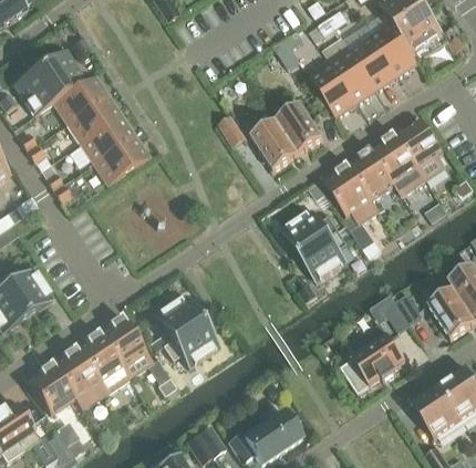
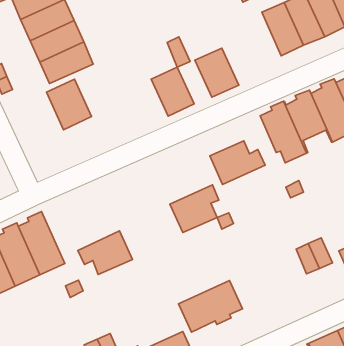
building: [275,102,322,153] -> [151,67,194,116]
building: none -> [46,79,91,130]
building: [298,229,348,282] -> [170,185,219,233]
building: [152,293,201,346] -> none
building: [340,334,405,393] -> [179,280,242,332]

